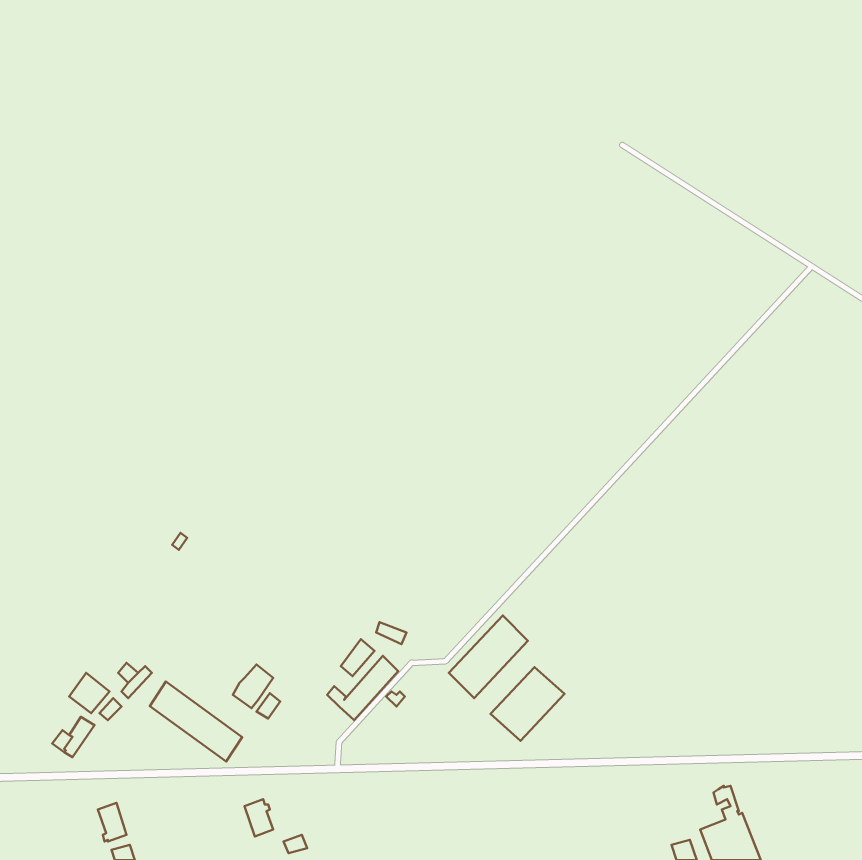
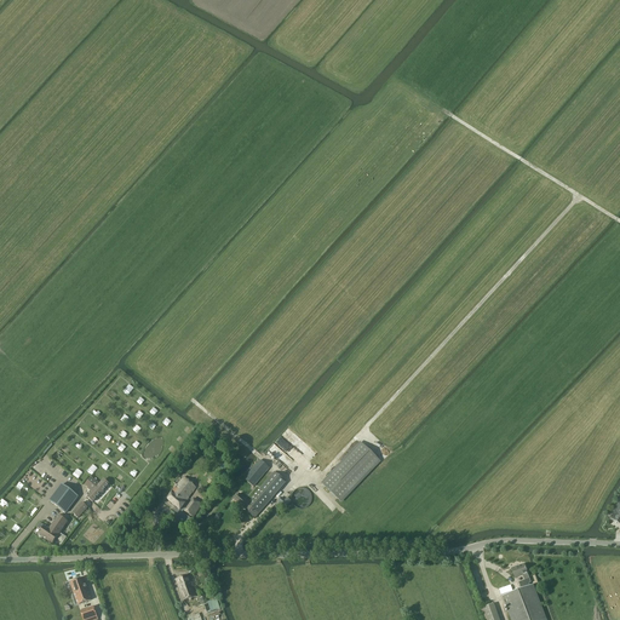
building: [491,667,565,741] -> none
building: [150,682,242,762] -> none

